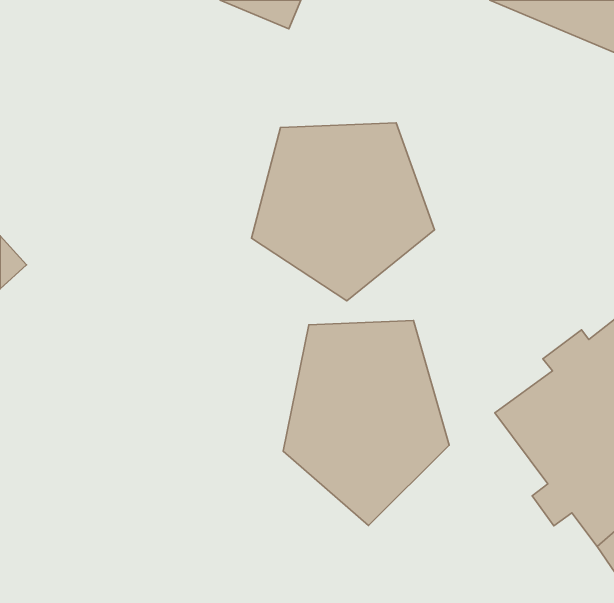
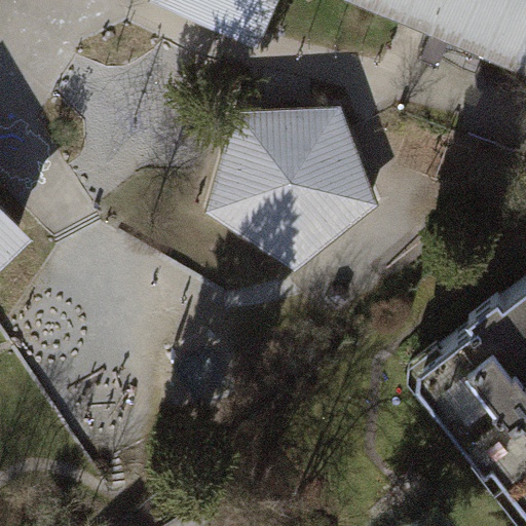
building: [283,321,449,525] -> none

